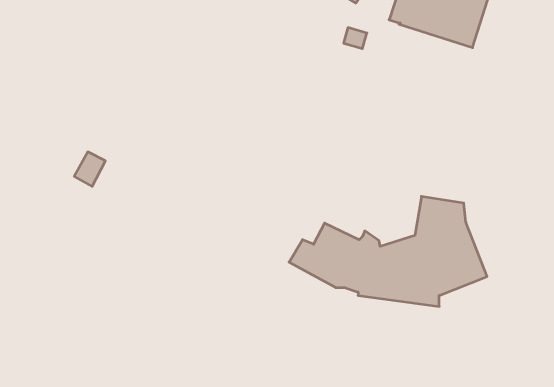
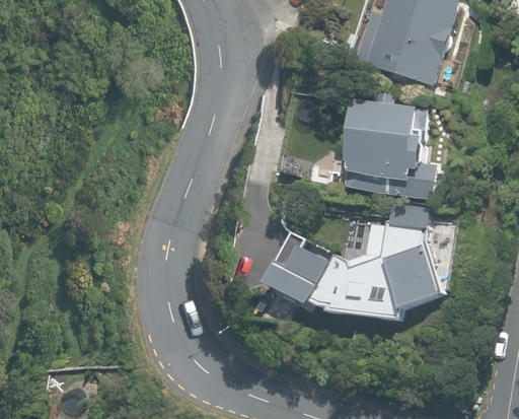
building: none -> [346,90,429,194]

